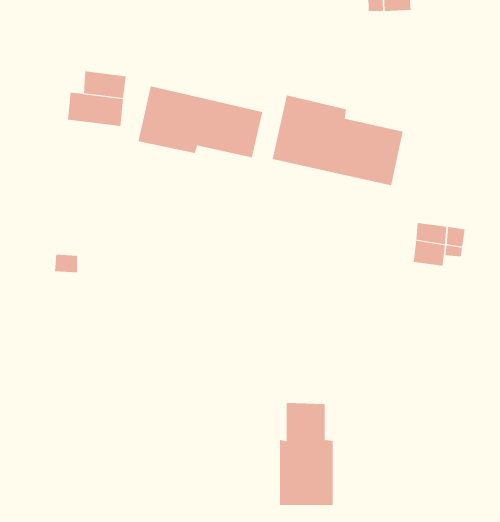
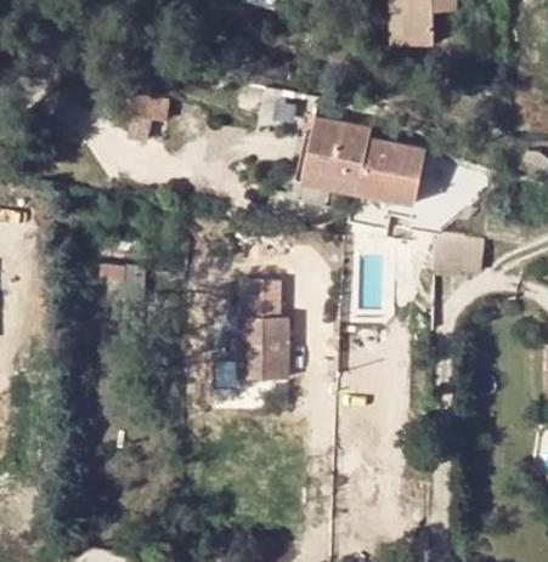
building: [138,86,263,158] -> none
building: [279,403,333,505] -> [236,283,286,377]

